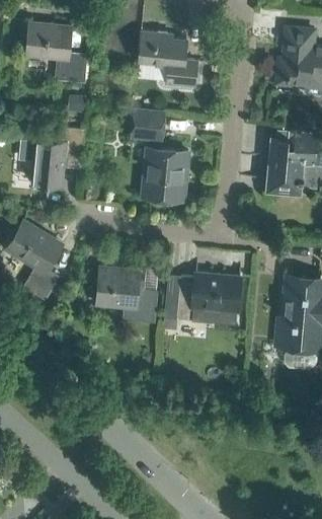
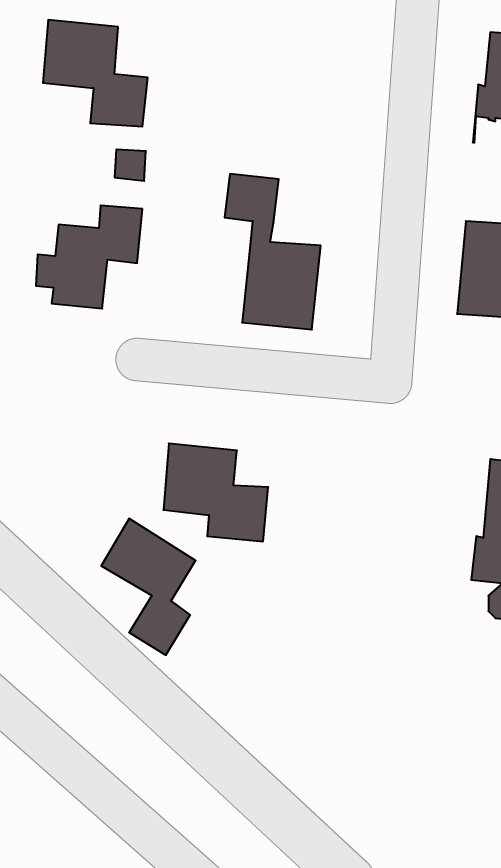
building: [139,32,197,88] -> none
building: [7,222,62,301] -> [101,519,196,655]
building: [164,274,240,320] -> none

